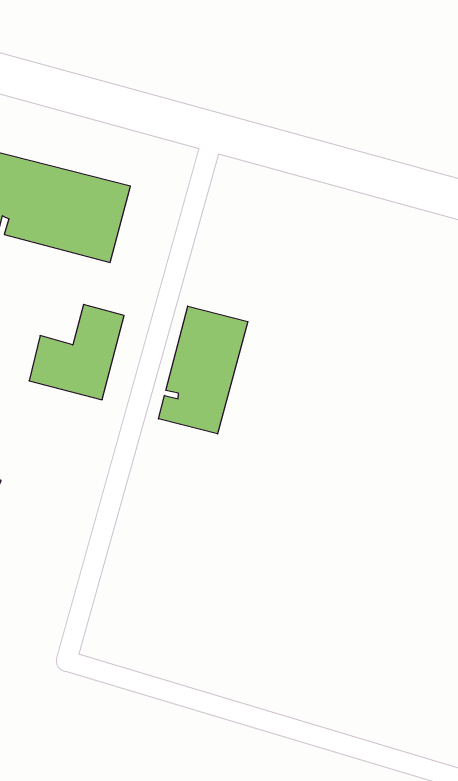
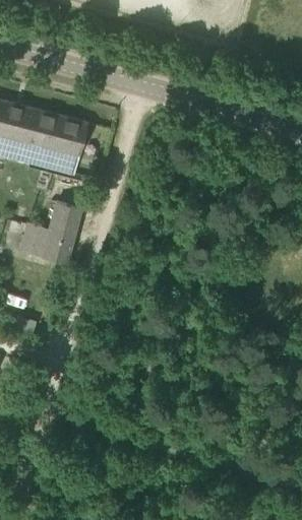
building: [158,306,248,434] -> none

